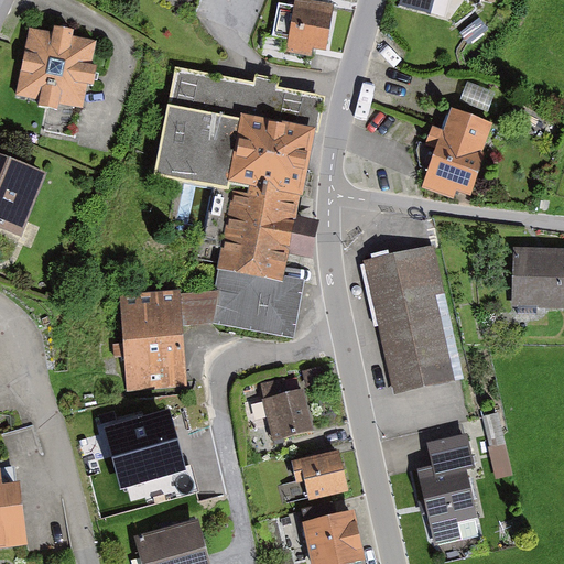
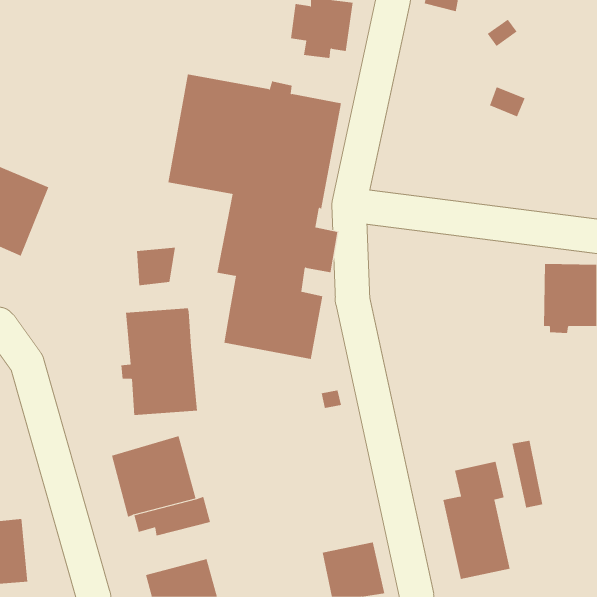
building: [15,25,96,109] -> none
building: [421,107,494,197] -> none
building: [364,245,453,392] -> none
building: [178,290,216,326] -> [136,247,176,286]
building: [260,379,313,440] -> none
building: [290,449,347,499] -> none

